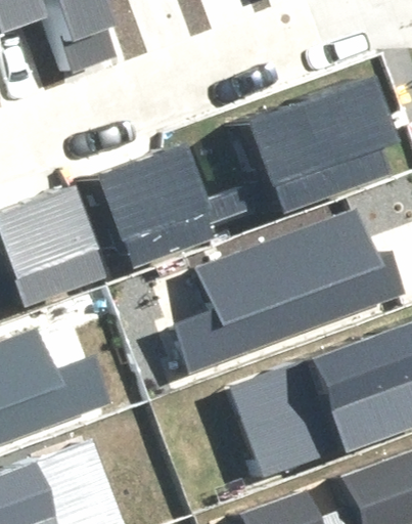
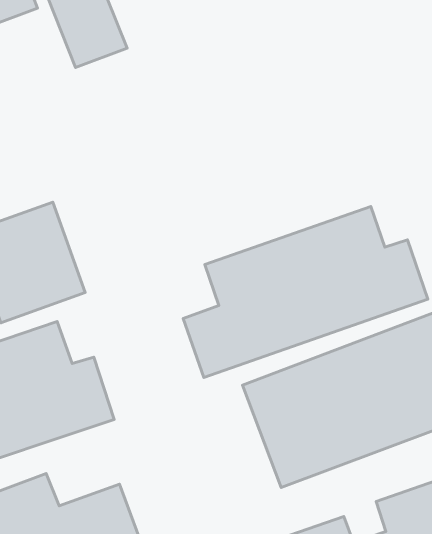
building: [246,85,395,217] -> none
building: [94,151,205,265] -> none

